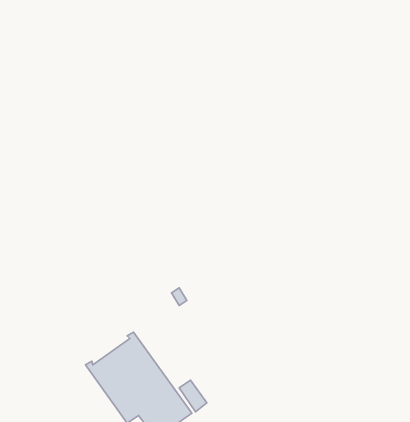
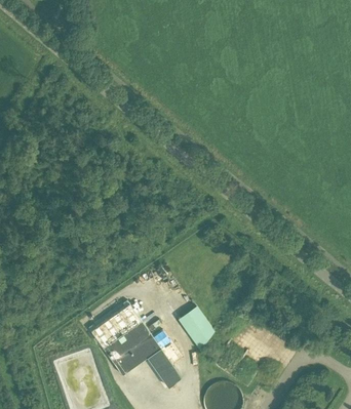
building: none -> [179,303,219,346]

